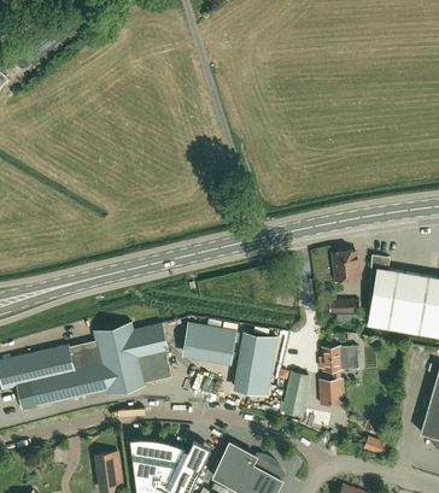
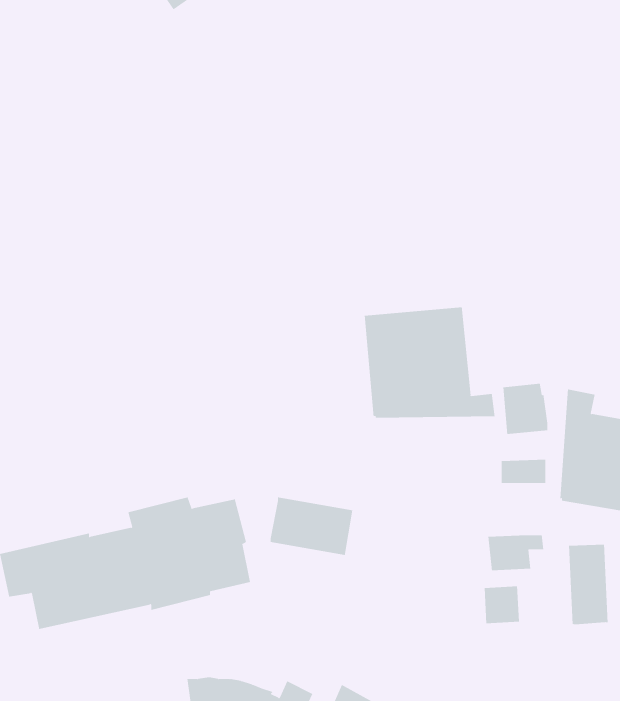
building: none -> [364,306,495,419]
building: [236,334,276,397] -> none
building: none -> [568,544,608,625]
building: [282,372,310,417] -> none

